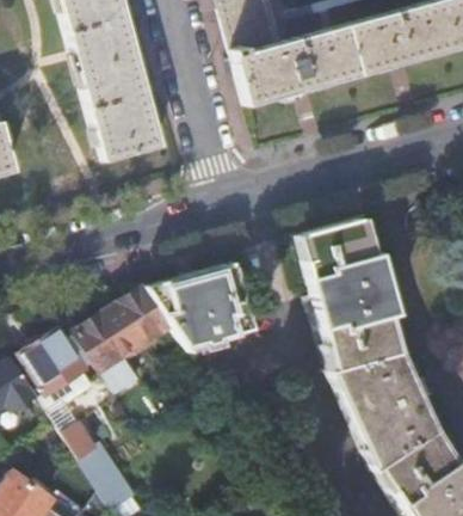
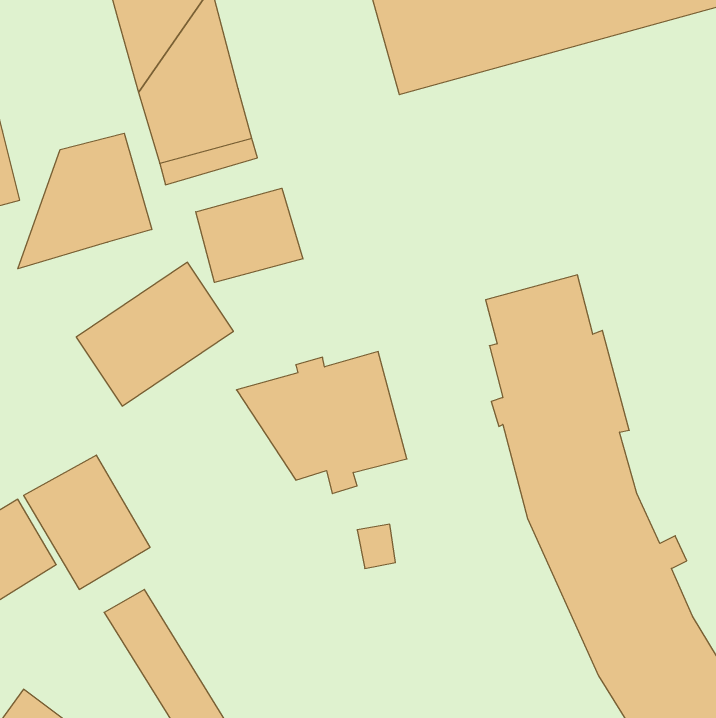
building: none -> [18,133,152,269]
building: none -> [196,188,303,282]
building: [74,287,172,376] -> [76,262,233,406]

